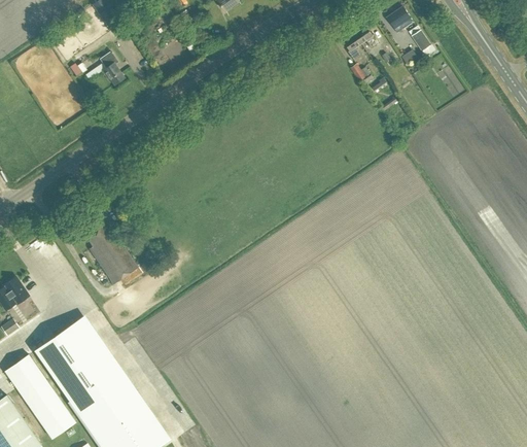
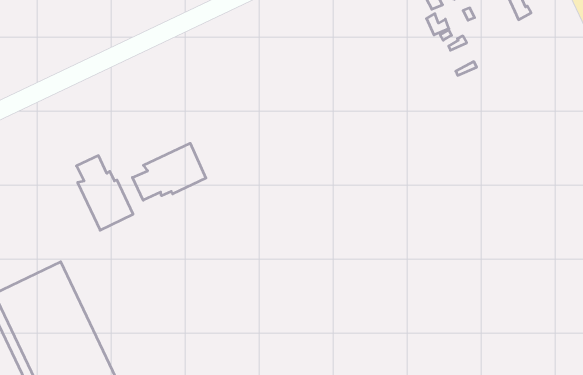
building: none -> [132,143,206,200]

